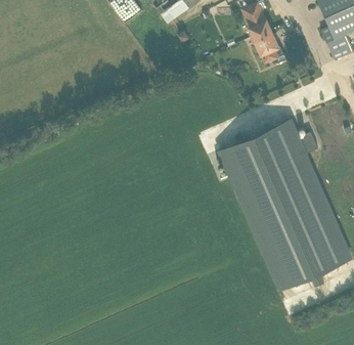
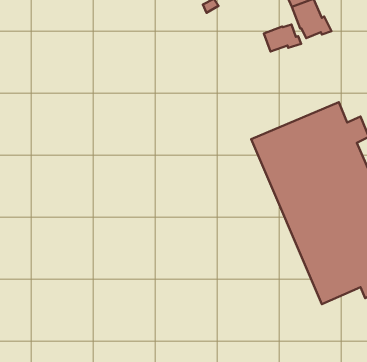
building: none -> [264,25,301,51]

